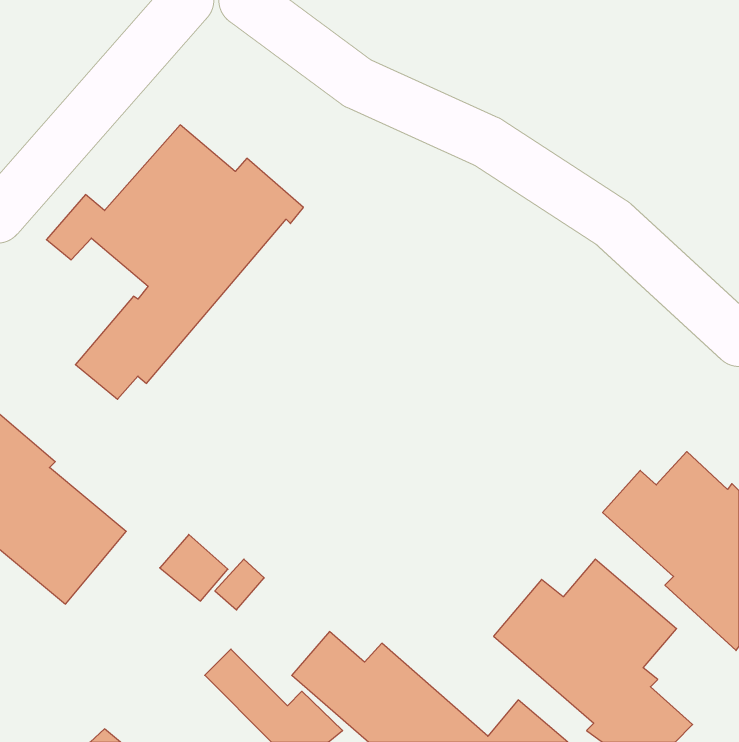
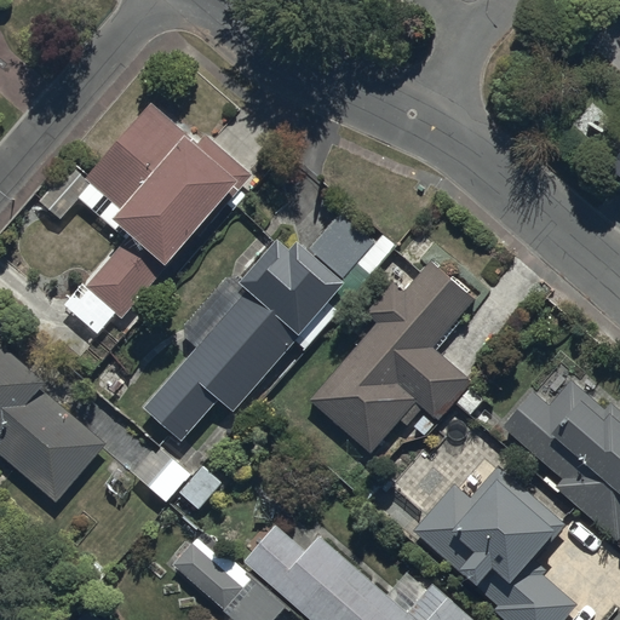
building: none -> [145,216,396,442]
building: none -> [309,260,481,453]

